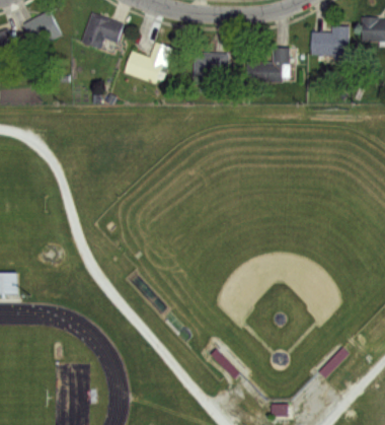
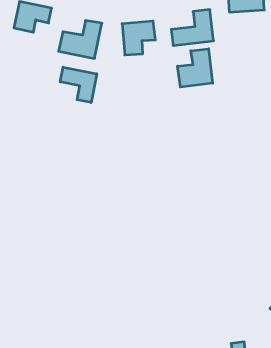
building: none -> [178,49,213,87]
building: none -> [60,67,97,103]

